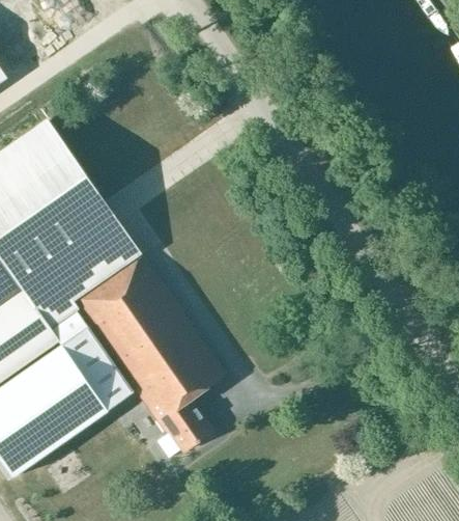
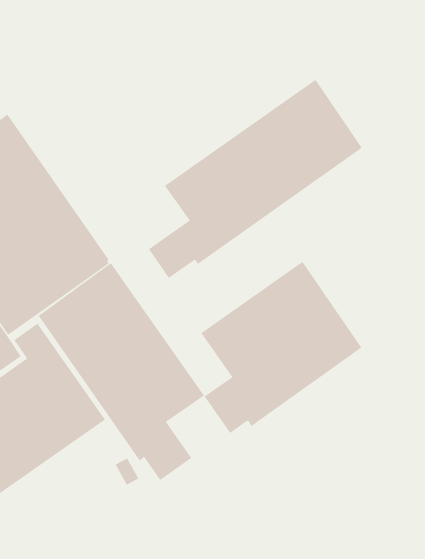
building: none -> [148,79,362,279]
building: none -> [200,261,362,434]

